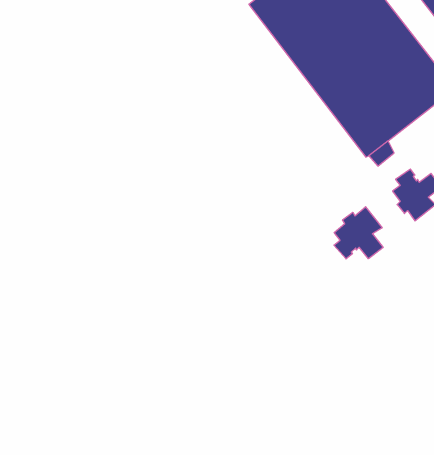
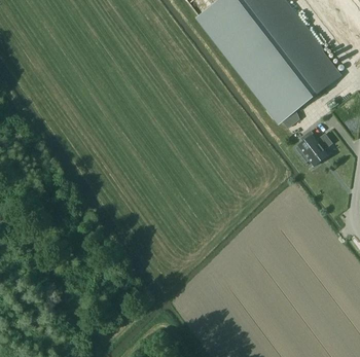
building: [334,207,383,259] -> none

